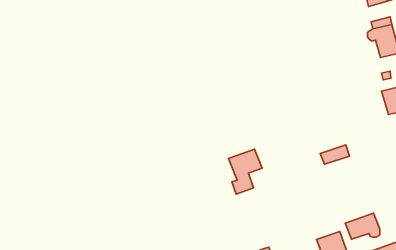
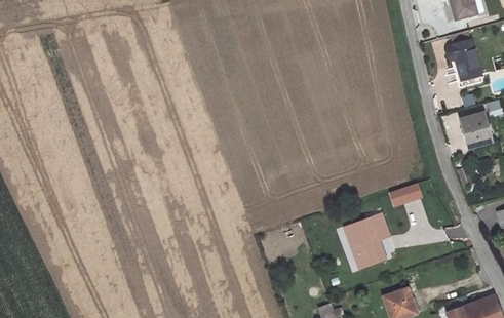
building: [229,149,262,194] -> [346,214,386,268]
building: [345,213,380,239] -> none

